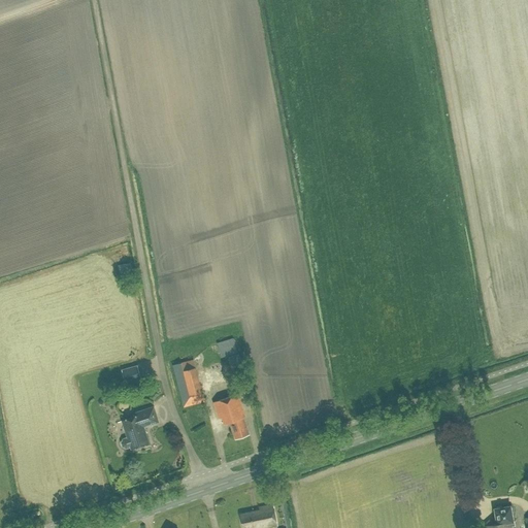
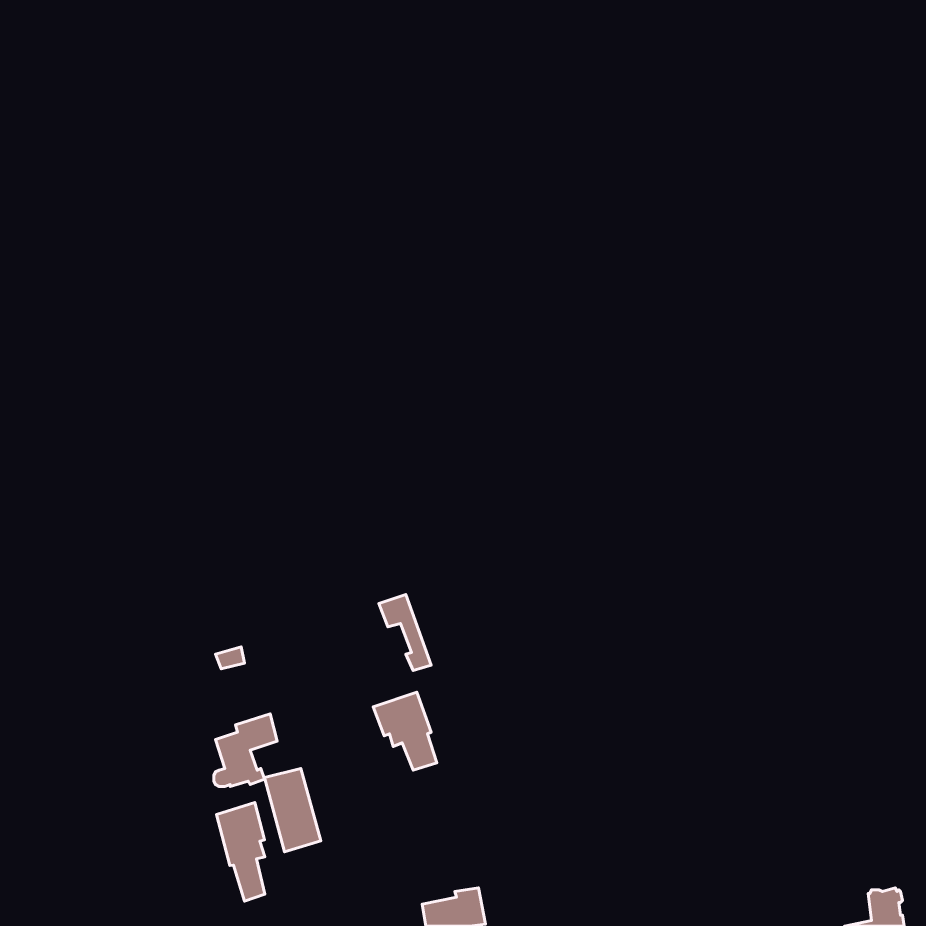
building: [171,360,203,407] -> [265,769,321,852]
building: none -> [216,803,265,901]

